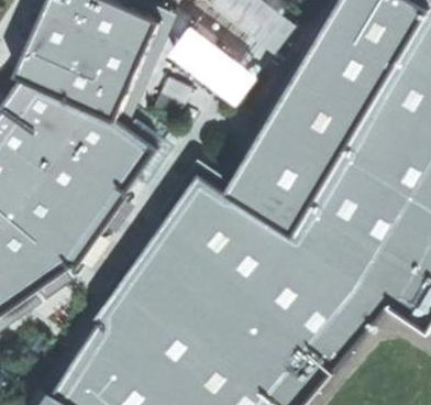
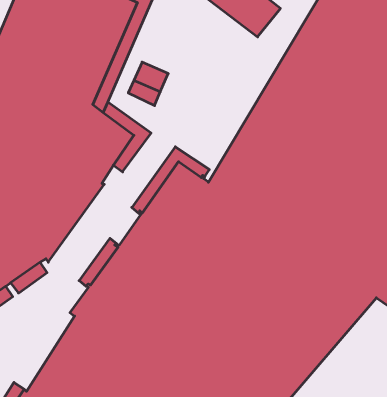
building: [168,24,256,105] -> none

